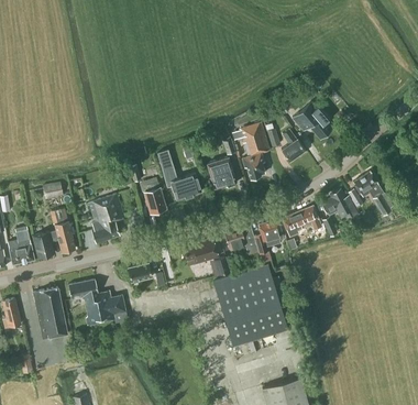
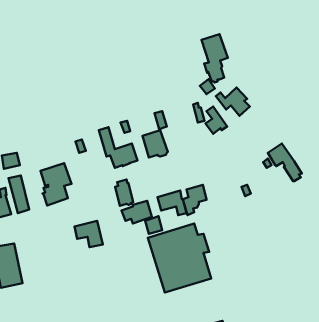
building: [239,122,270,178] -> [201,34,228,82]
building: [144,182,165,212] -> [115,179,133,206]
building: [321,189,358,219] -> none
building: [282,205,321,237] -> none
building: [67,278,125,325] -> none

